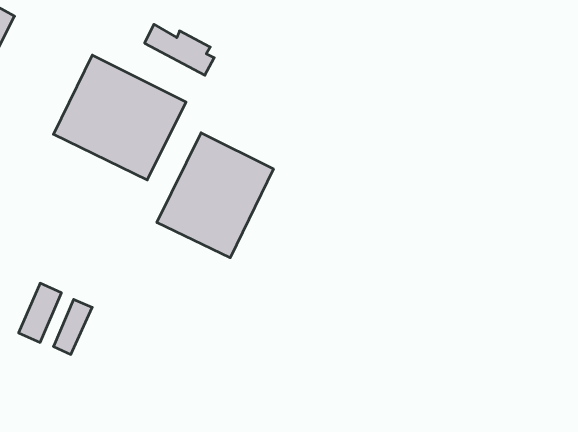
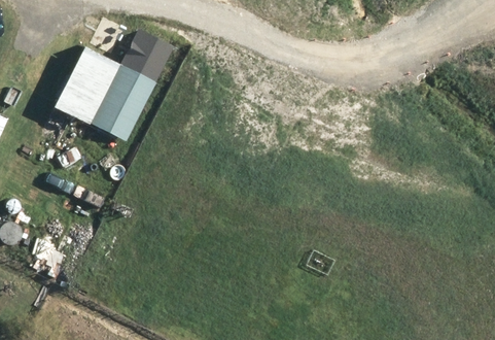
building: [157,133,273,258] -> none

